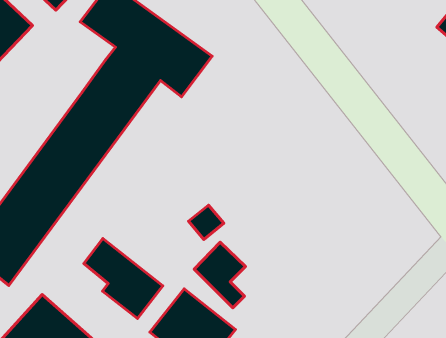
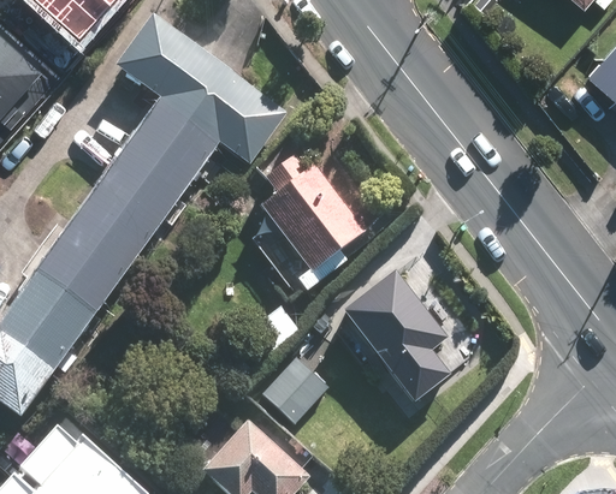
building: none -> [266,162,369,299]
building: none -> [344,272,456,406]
building: [84,238,163,319] -> none

